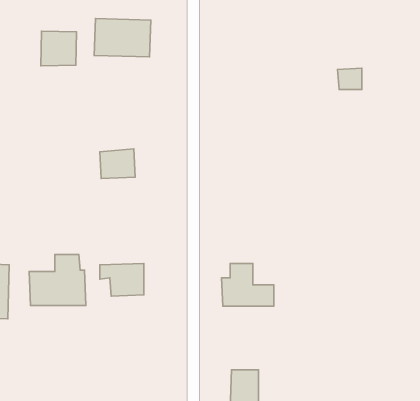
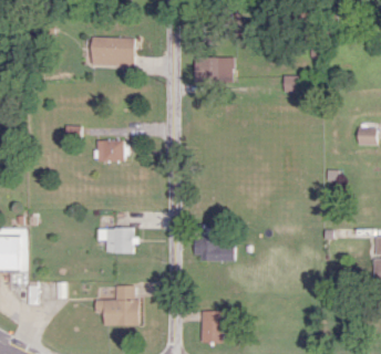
building: [41,31,77,66] -> none
building: none -> [195,56,236,83]
building: [29,255,86,306] -> [94,285,138,325]

